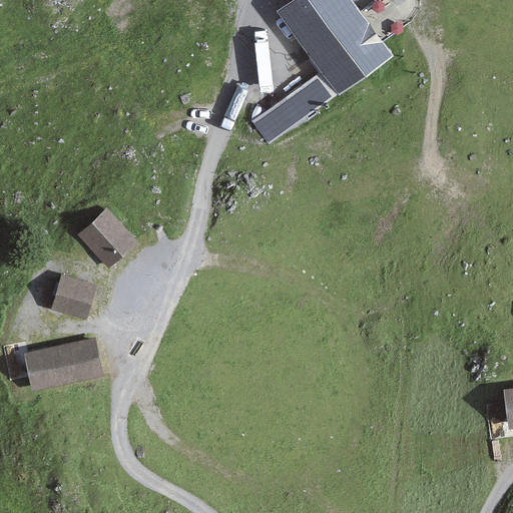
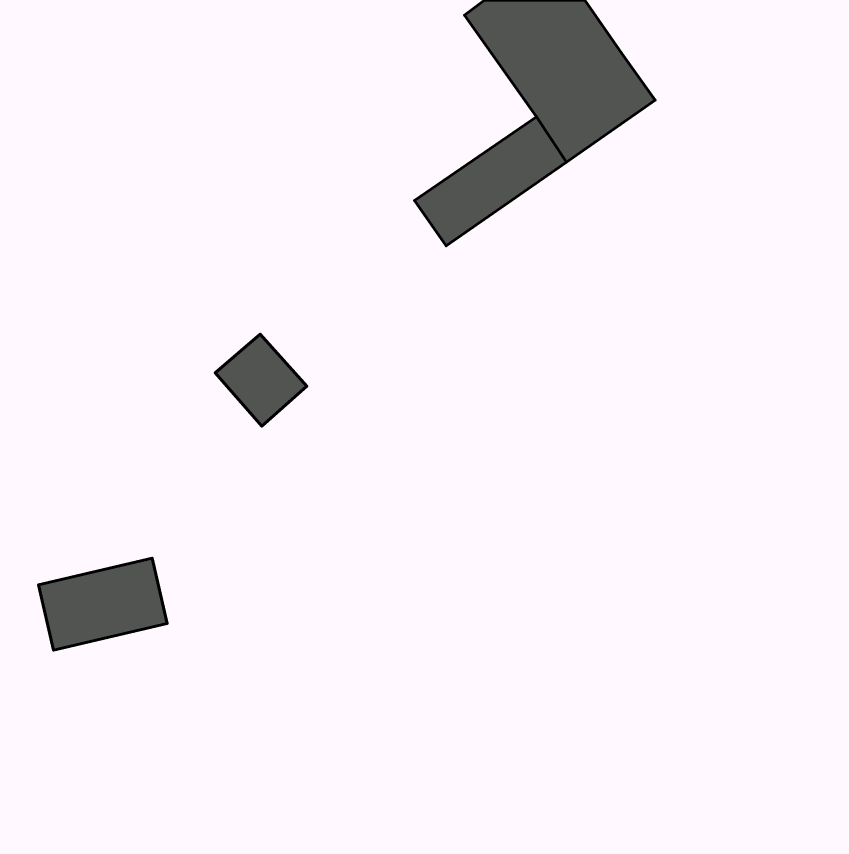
building: [77,211,132,267] -> [215,334,307,426]
building: [48,275,94,320] -> none

